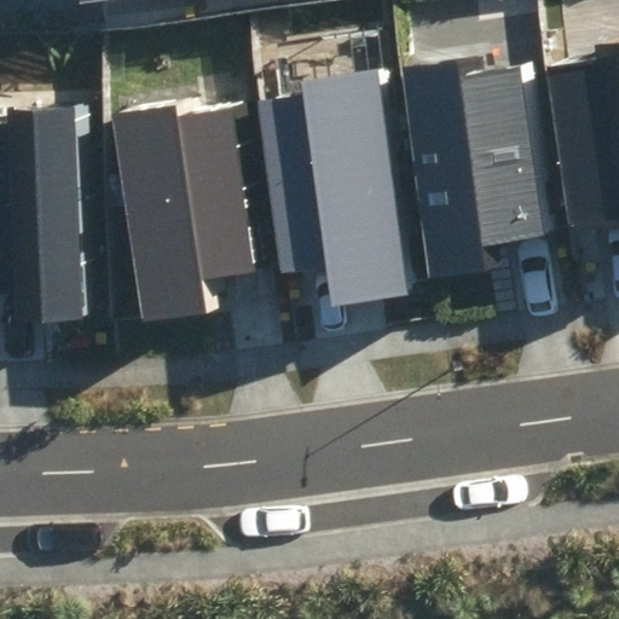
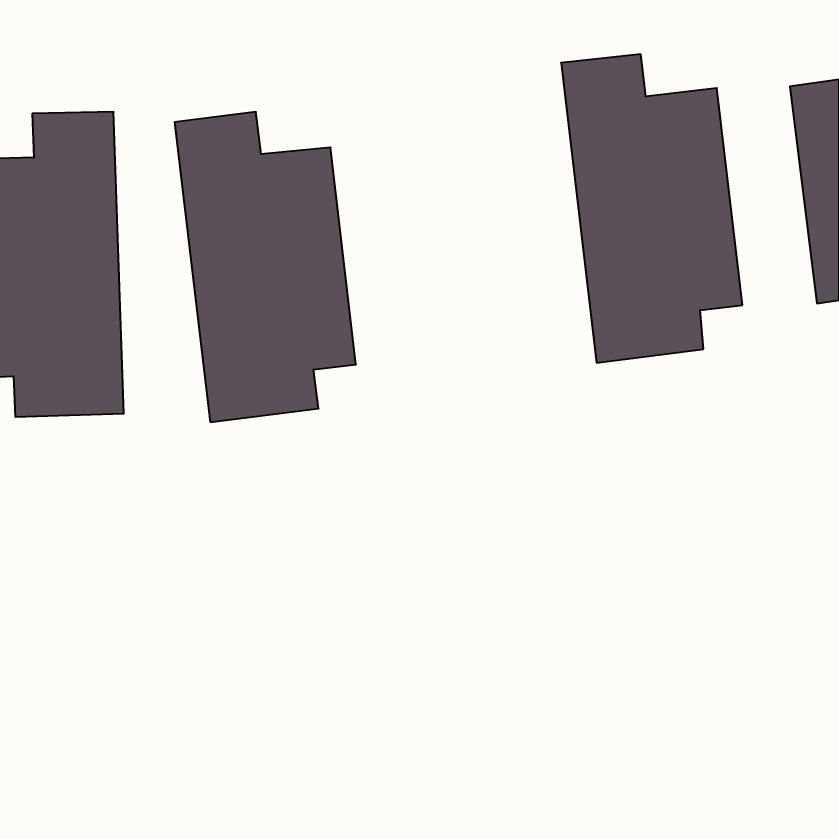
building: [273,63,411,299] -> none

